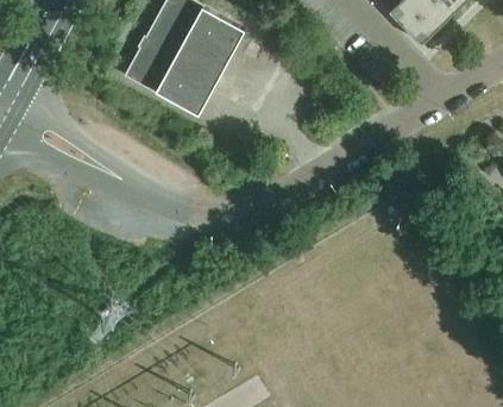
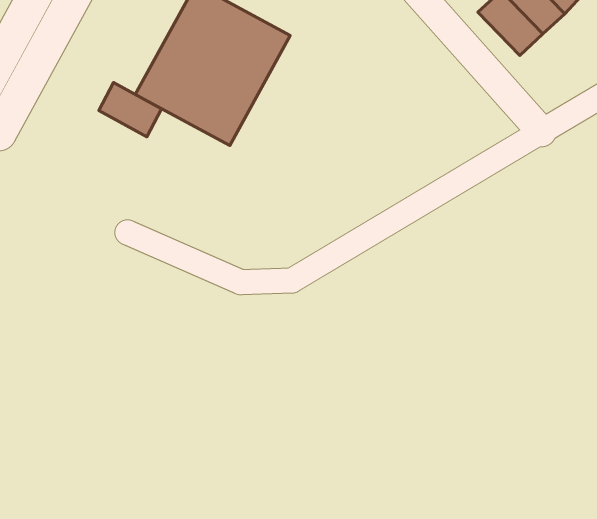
building: none -> [99,82,162,137]

